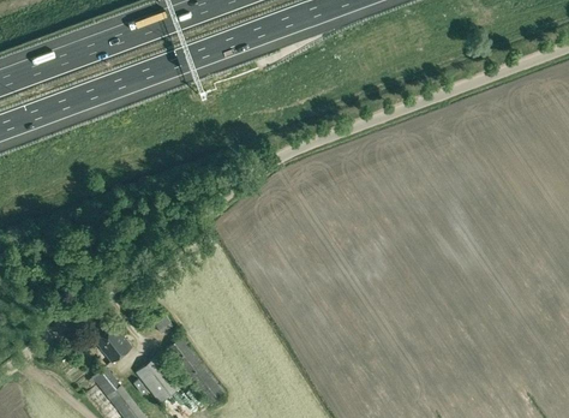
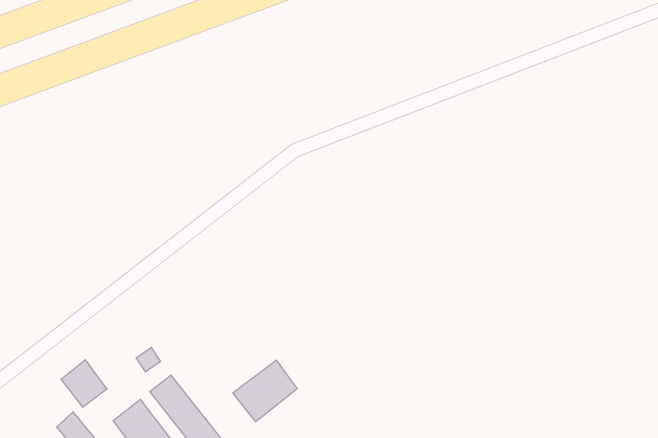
building: none -> [233,360,297,422]

